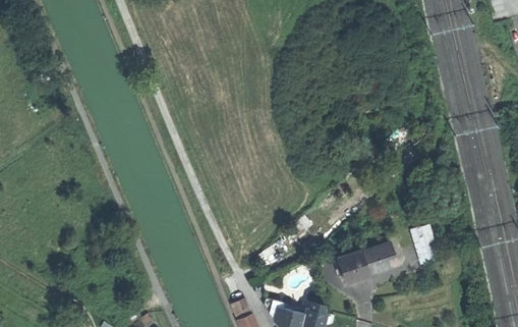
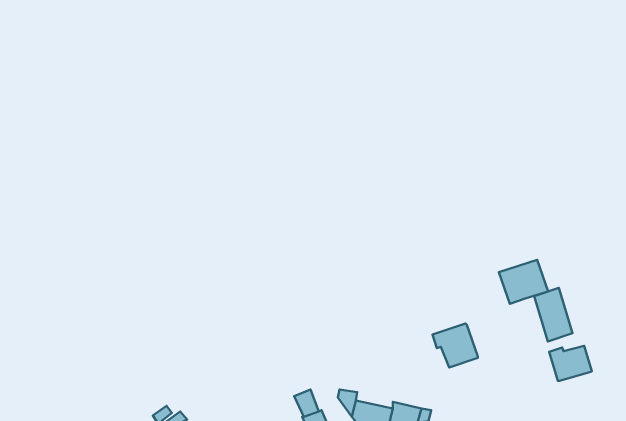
building: [360,242,397,275] -> [499,260,548,304]
building: none -> [549,346,592,381]

